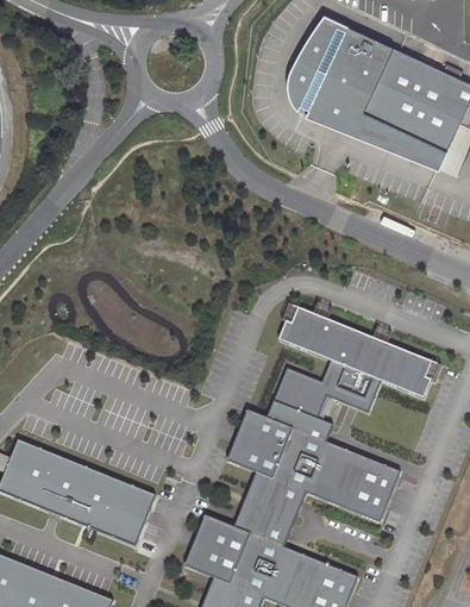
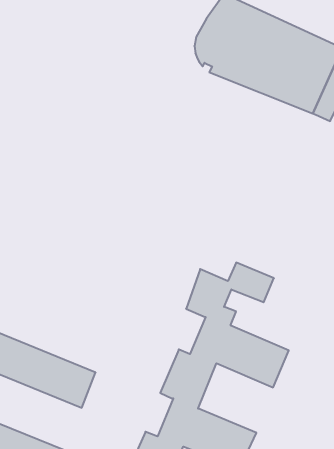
building: [281,305,439,396] -> none
building: [230,411,294,477] -> none
building: [188,517,251,583] -> none

